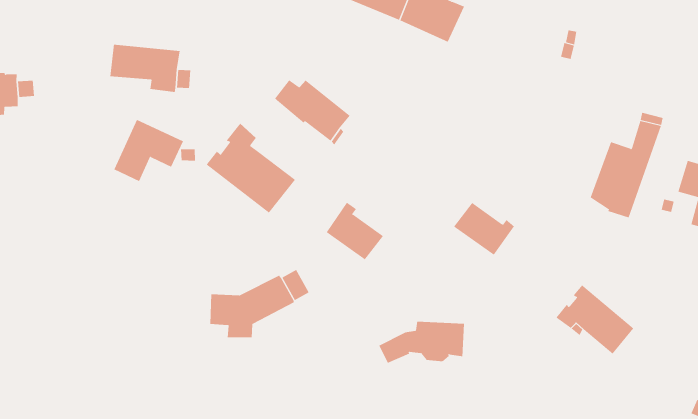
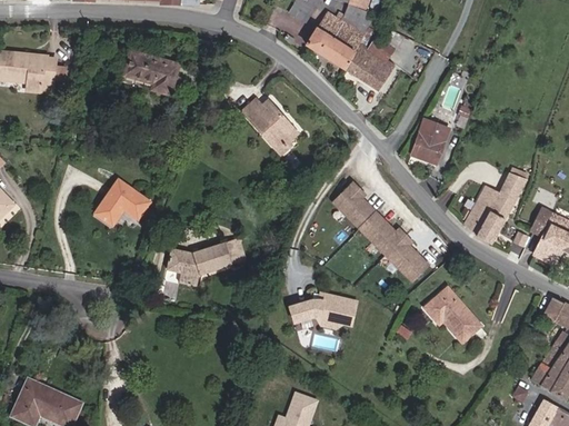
building: none -> [411,119,449,165]
building: [113,119,184,182] -> [94,179,150,226]
building: [206,123,296,213] -> none
building: [326,202,384,260] -> [333,182,376,228]
building: none -> [386,236,428,281]

